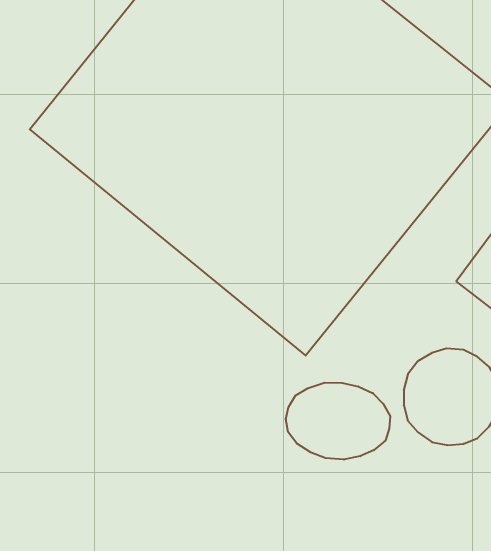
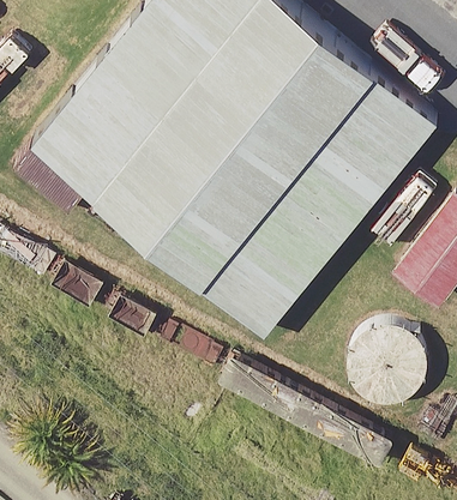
building: [286,383,390,460] -> none

